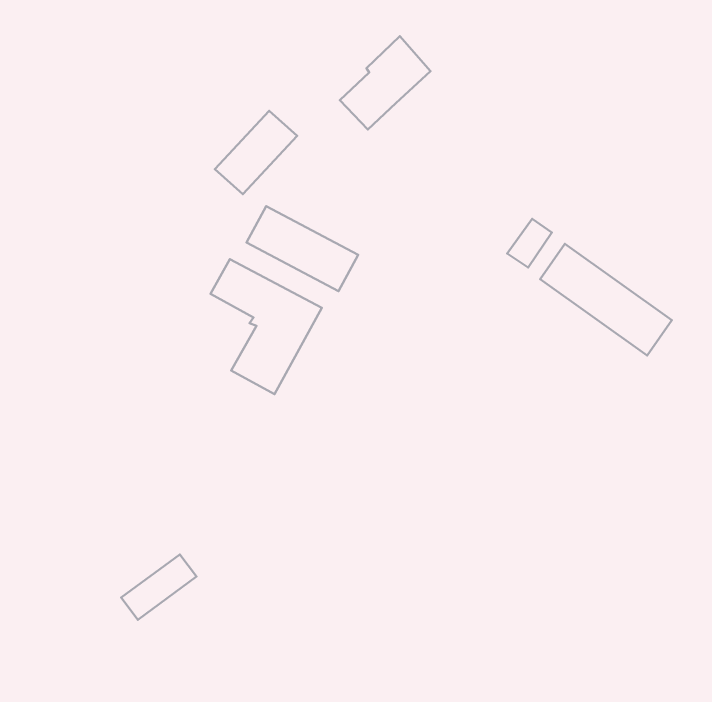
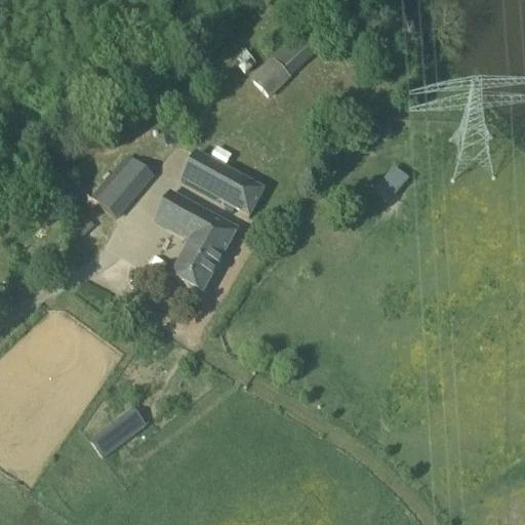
building: [215,111,297,194] -> [92,154,153,215]
building: [540,244,672,355] -> none

